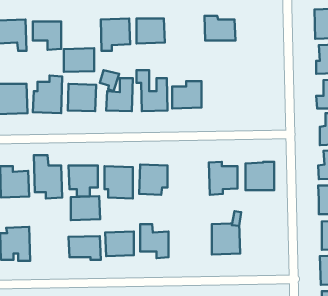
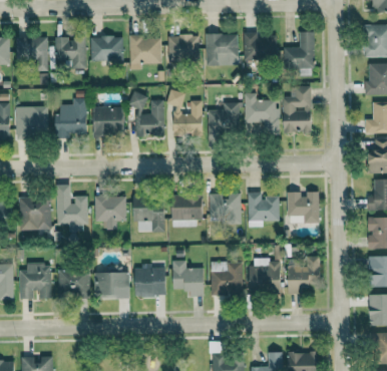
building: none -> [284,32,315,69]
building: none -> [206,34,239,65]
building: [64,48,94,72] -> [90,36,123,62]
building: none -> [283,86,312,133]
building: none -> [244,93,279,132]
building: none -> [209,192,242,225]
building: [71,196,100,220] -> [58,270,90,296]
building: none -> [289,257,321,289]
building: none -> [211,262,243,295]

